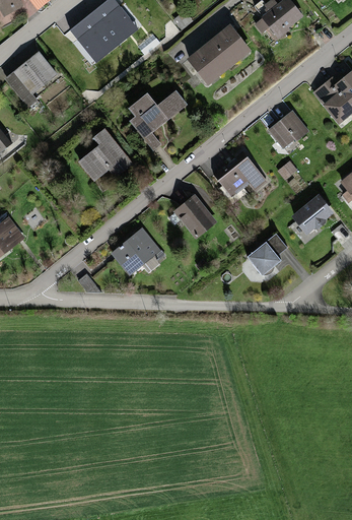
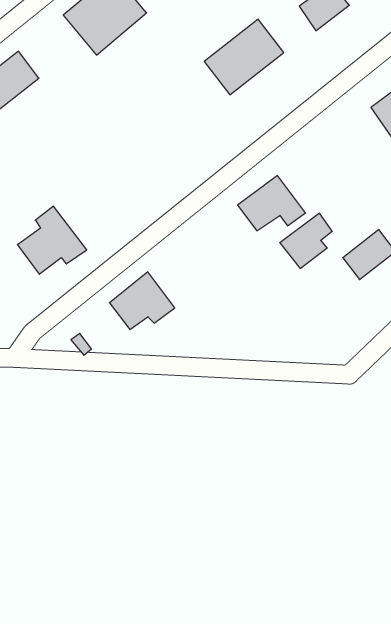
building: [127,90,185,148] -> none
building: [266,110,306,149] -> none
building: [76,129,131,183] -> [17,206,87,274]
building: [173,196,213,237] -> none
building: [247,232,288,275] -> [280,213,332,268]

